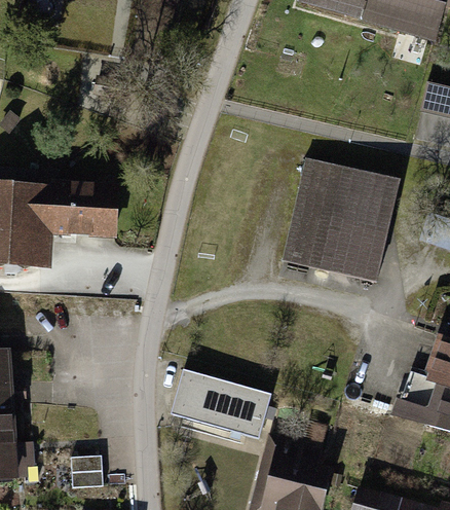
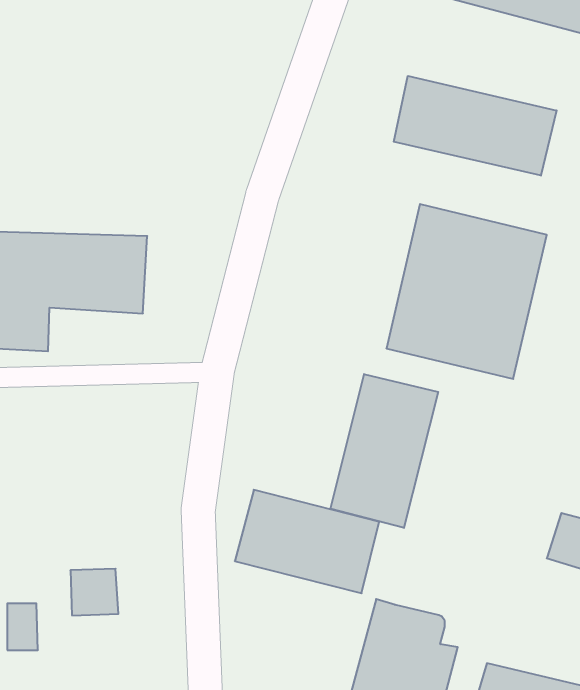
building: none -> [394,76,557,176]
building: none -> [330,374,438,528]
building: [72,458,106,490] -> [70,569,118,615]

